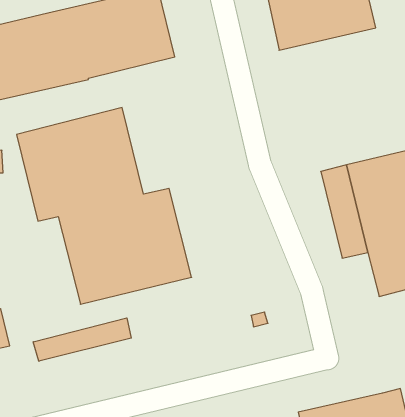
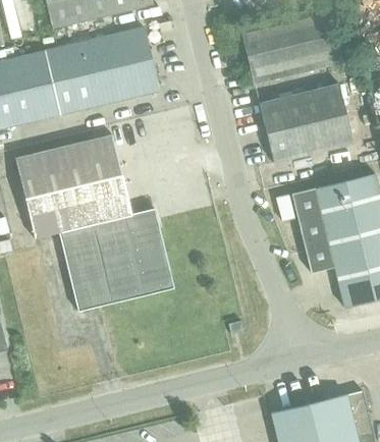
building: none -> [259,84,352,162]
building: [33,318,131,361] -> none

